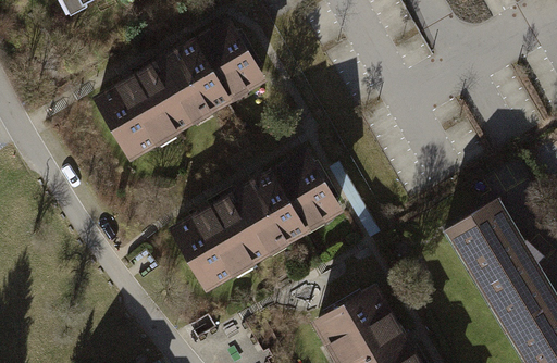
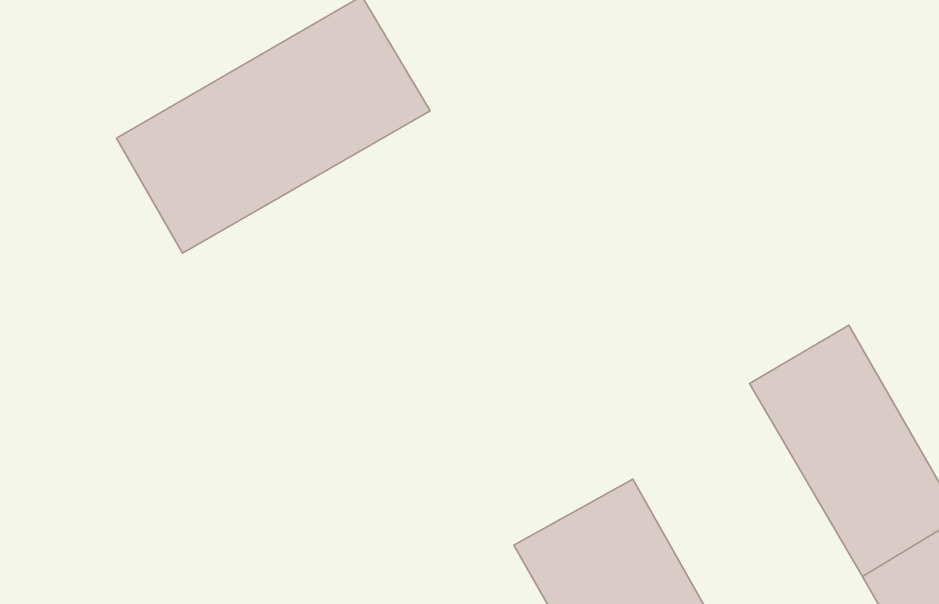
building: [165,148,343,296] -> none

